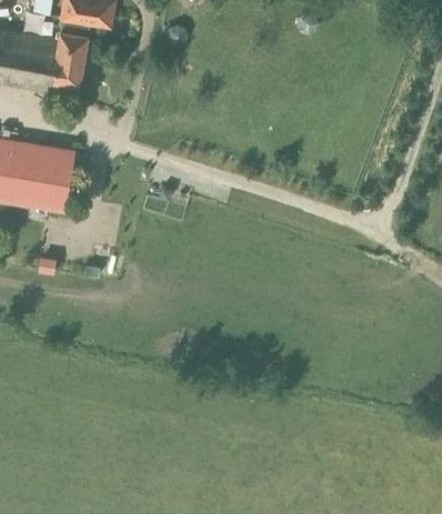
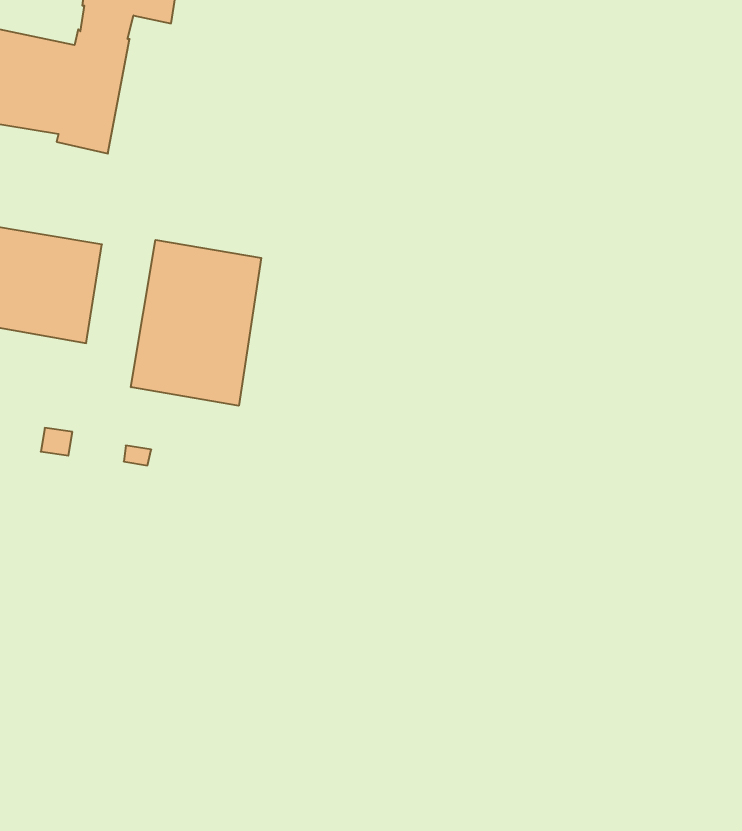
building: none -> [131,240,261,406]

